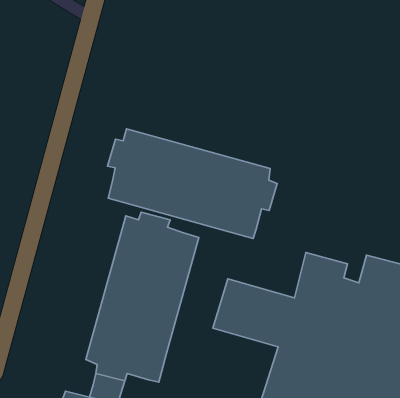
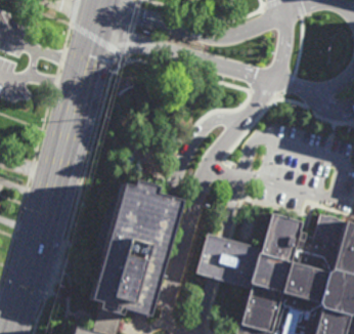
building: [108,129,277,239] -> none

